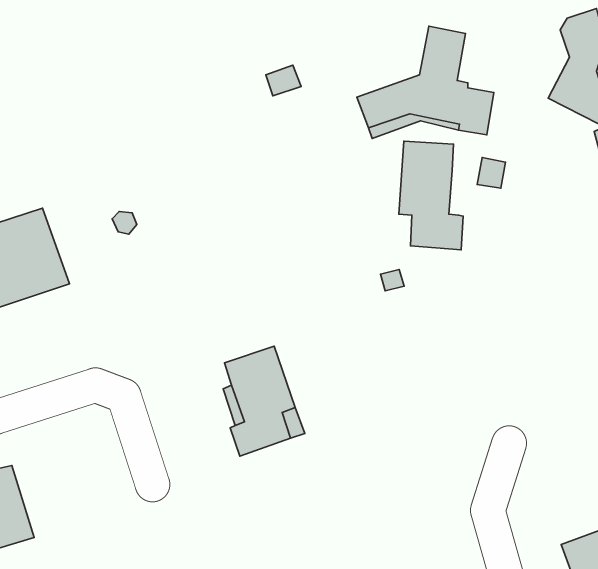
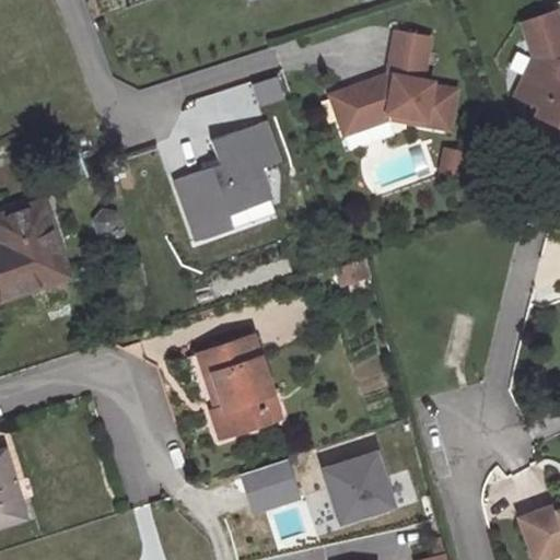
building: none -> [174,125,280,245]
building: [399,141,463,250] -> none
building: none -> [328,450,397,518]
building: none -> [236,454,296,509]

